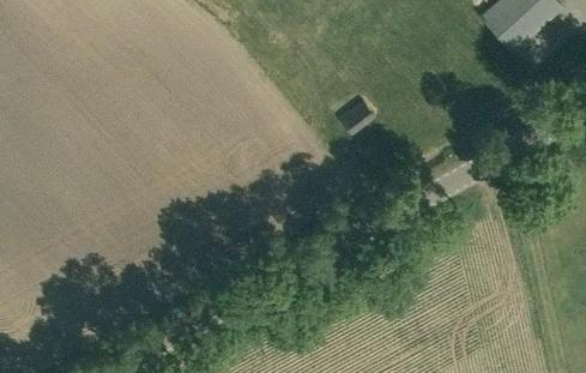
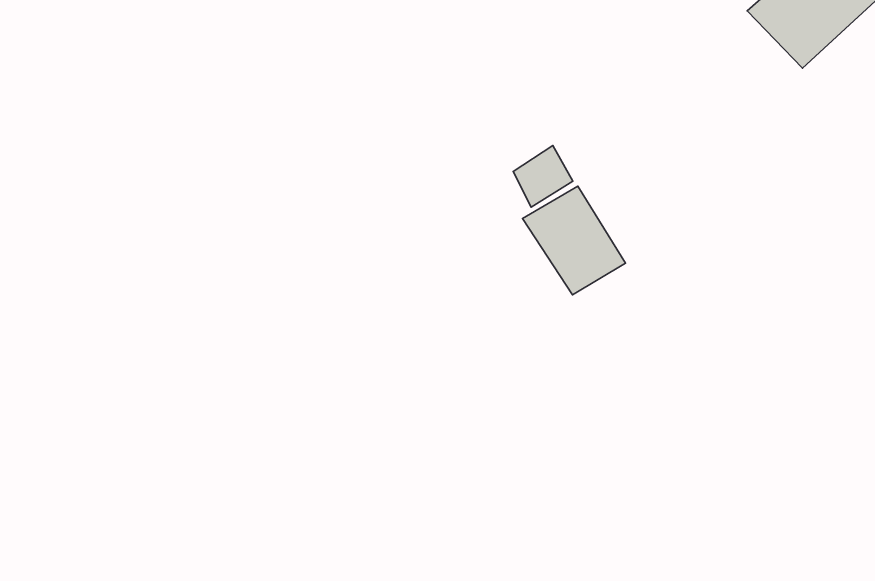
building: none -> [523,186,626,295]

